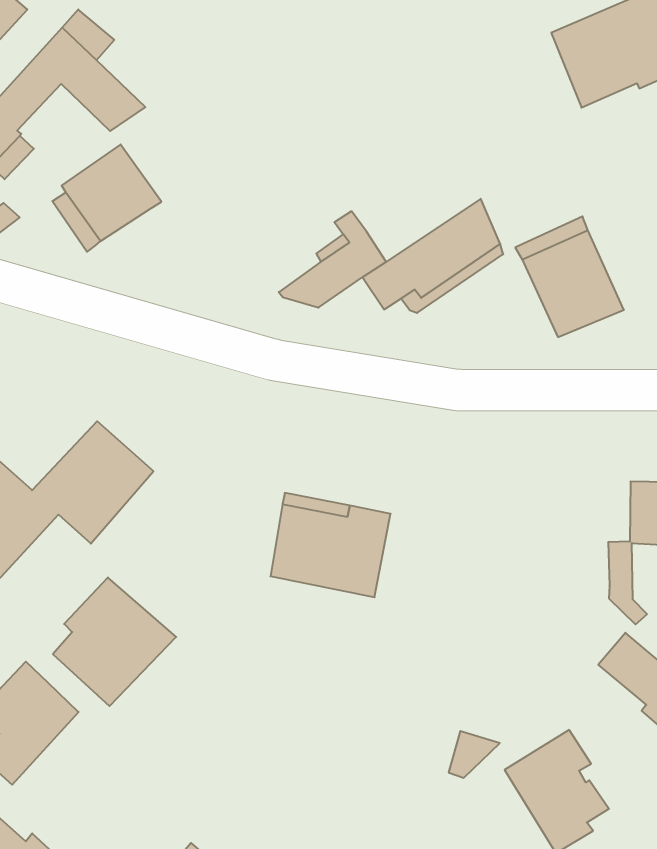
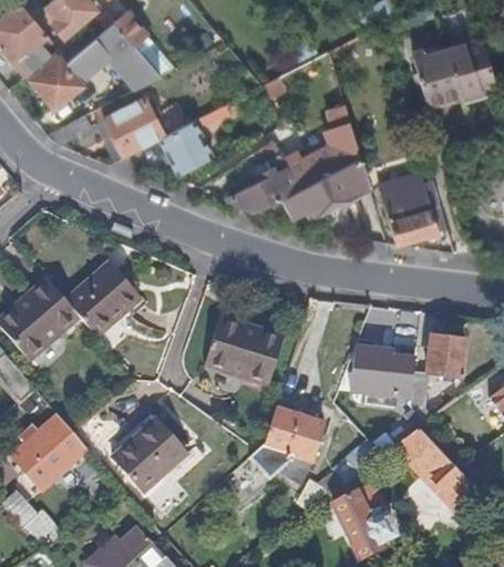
building: none -> [287,102,359,186]
building: none -> [157,106,223,176]
building: none -> [350,349,414,398]
building: [53,577,176,706] -> [113,415,189,494]
building: none -> [250,406,325,484]

